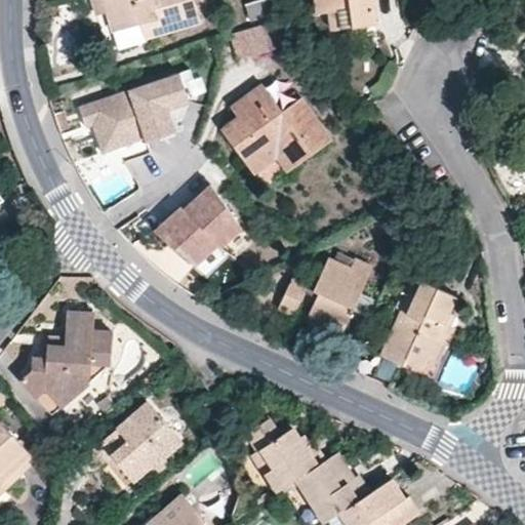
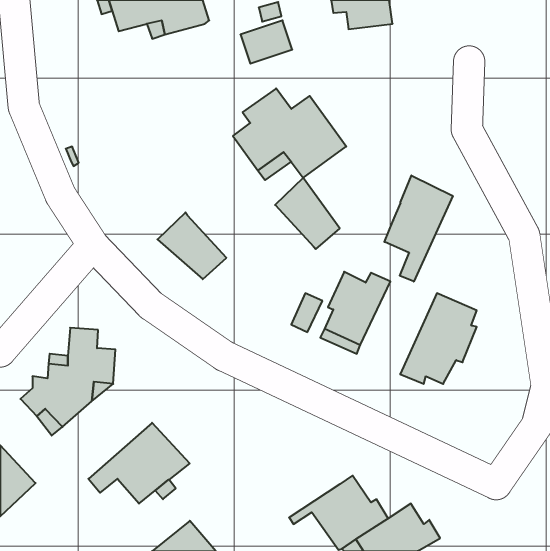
building: [79,72,189,152] -> none
building: none -> [384,175,453,282]
building: [179,179,241,247] -> [275,178,340,249]
building: [404,311,462,378] -> none
building: [246,418,324,492] -> none

